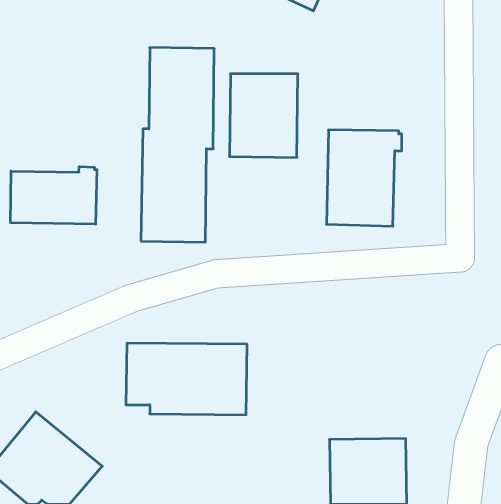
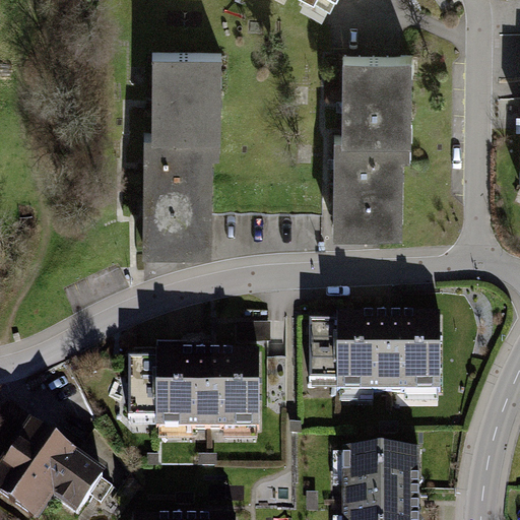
building: [229,74,298,157] -> [342,49,412,134]
building: [11,167,97,224] -> none
building: none -> [310,318,432,388]

